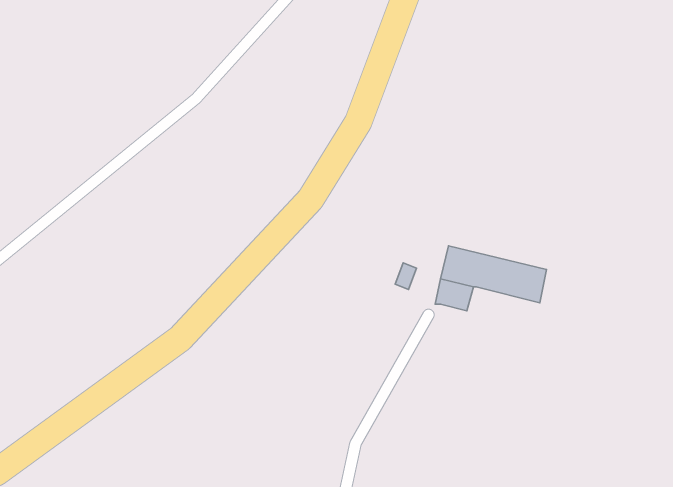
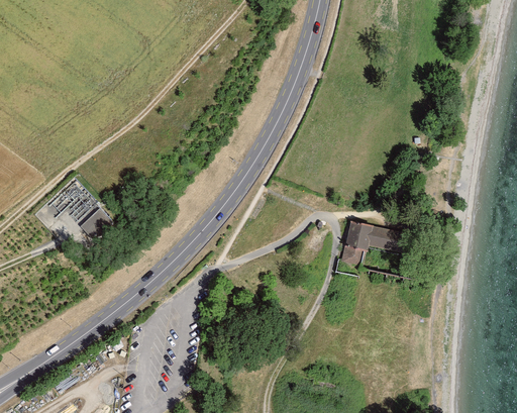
building: none -> [79,204,114,238]

